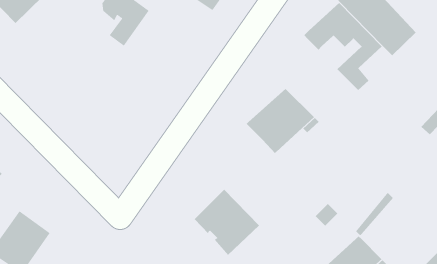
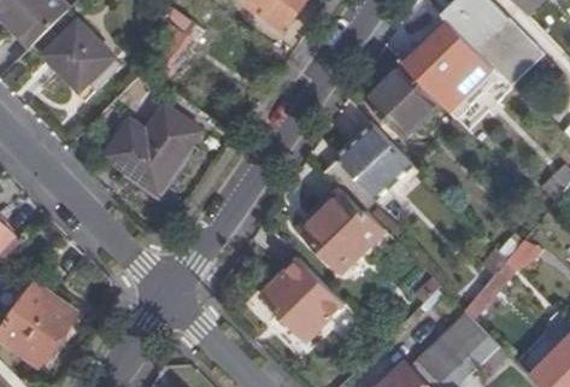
building: none -> [46,22,114,89]
building: none -> [369,64,439,135]
building: none -> [106,104,202,190]
building: none -> [301,193,387,272]

